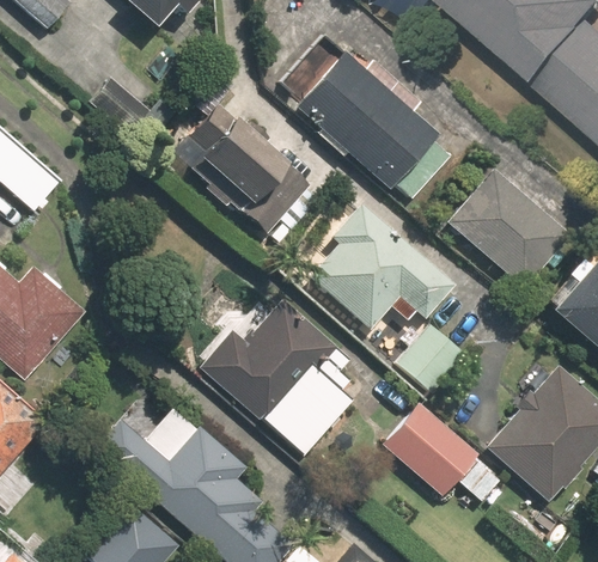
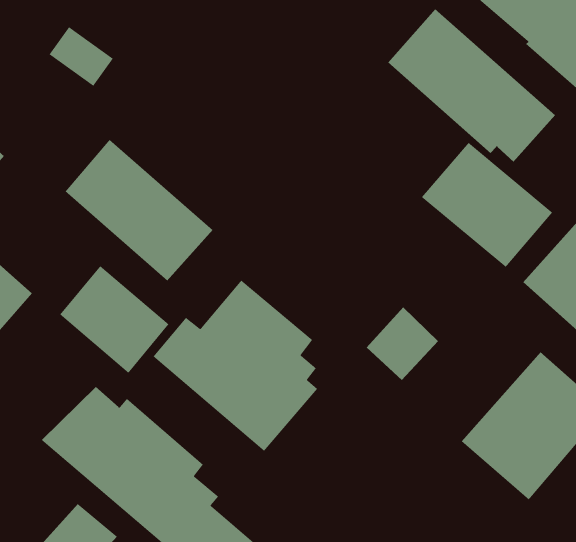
building: [295,54,452,197] -> [388,8,556,163]
building: [171,102,310,234] -> [65,139,214,281]
building: [307,198,456,329] -> none
building: none -> [59,265,169,374]
building: [380,401,502,501] -> none

